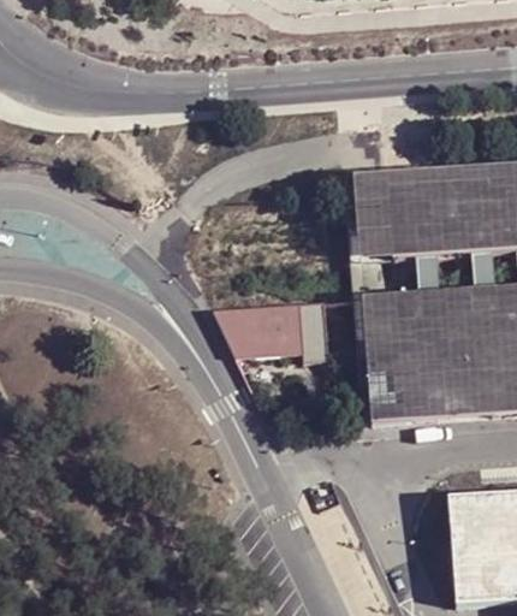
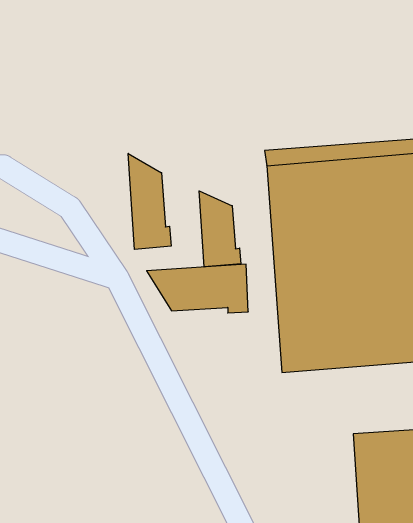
building: none -> [128,153,171,249]
building: none -> [199,191,241,267]

